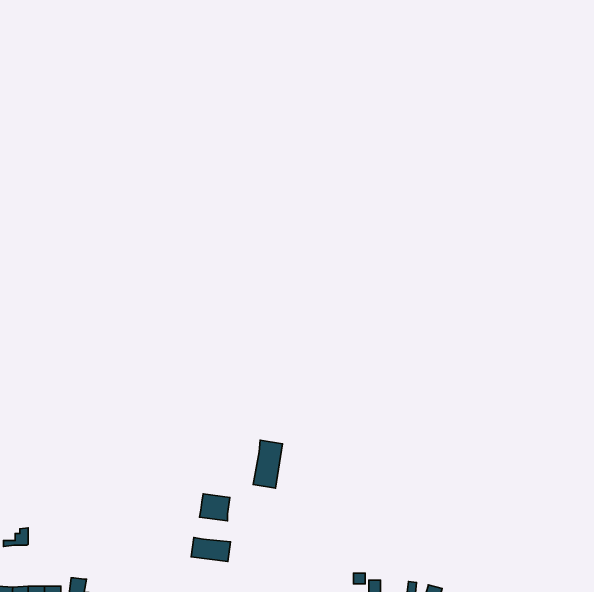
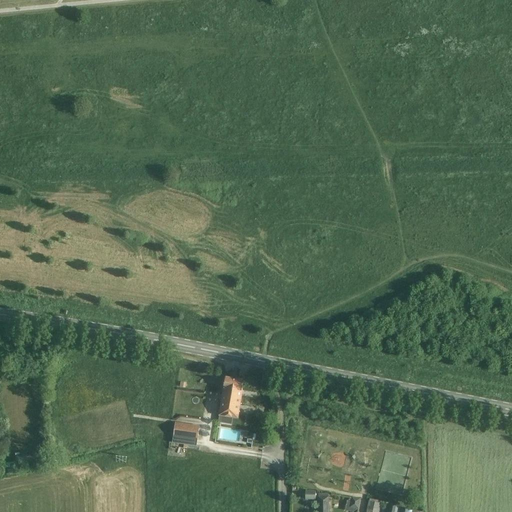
building: [191,537,230,561] -> none

